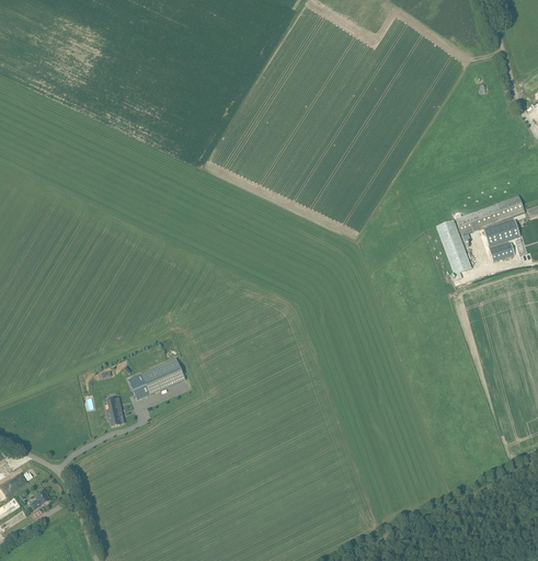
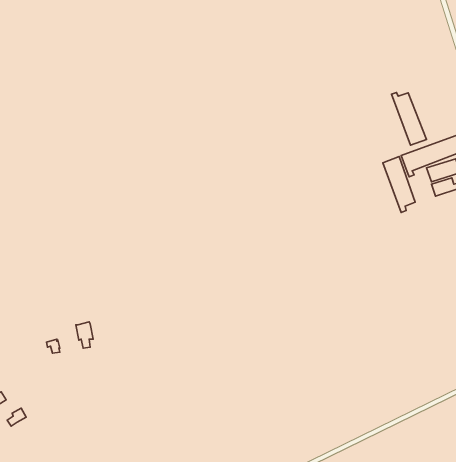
building: none -> [391,92,426,145]
building: [128,357,185,400] -> none

